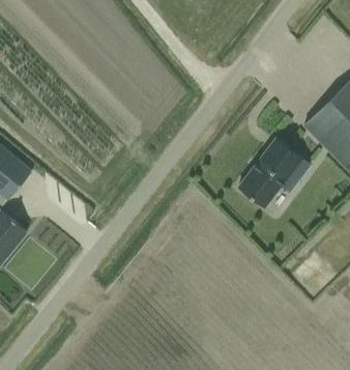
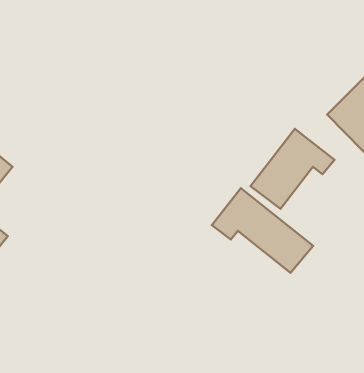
building: none -> [212,188,313,273]

